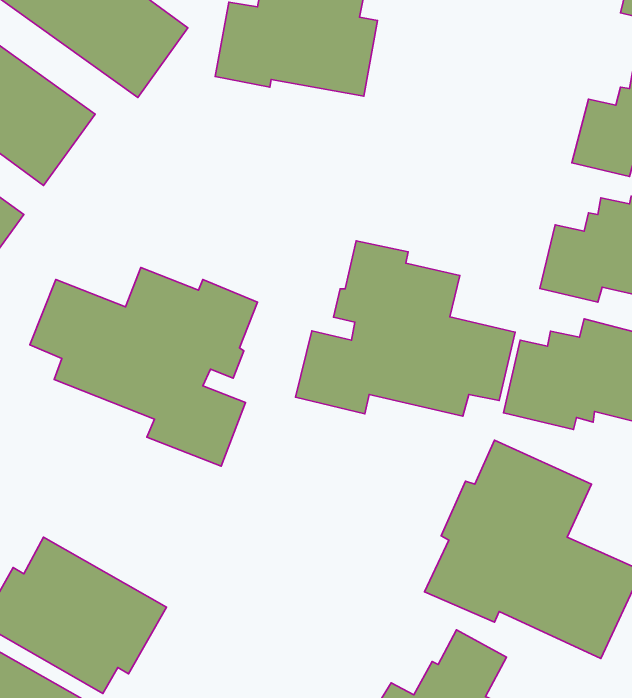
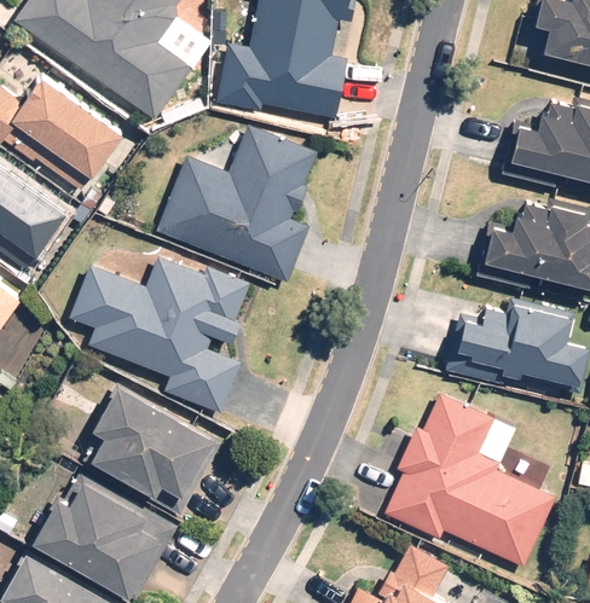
building: none -> [156,124,318,284]
building: [295,241,515,416] -> none
building: none -> [83,383,221,495]

